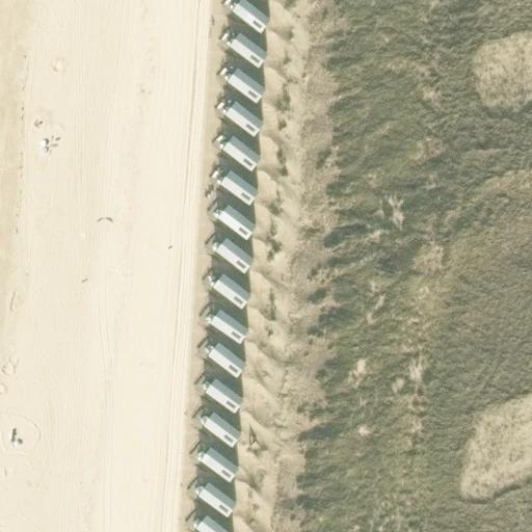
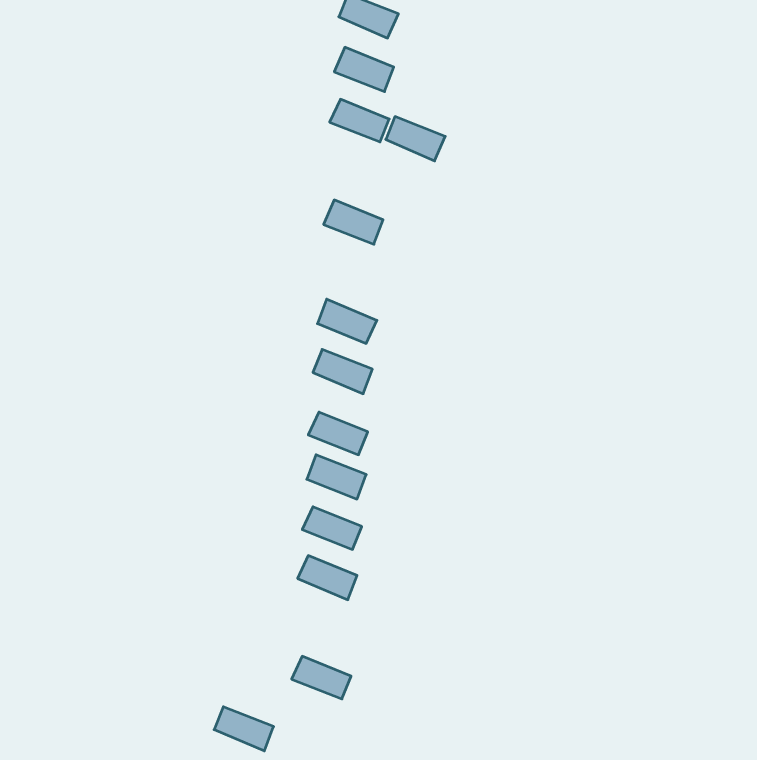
building: [223,102,264,132] -> [386,117,445,161]
building: [219,168,260,198] -> none
building: [201,411,241,442] -> none
building: [196,483,237,513] -> [214,707,274,751]

